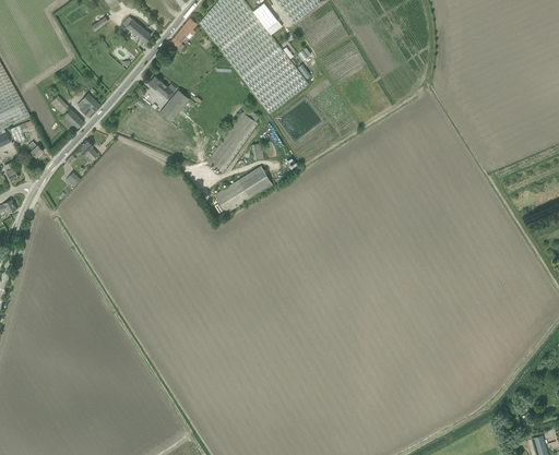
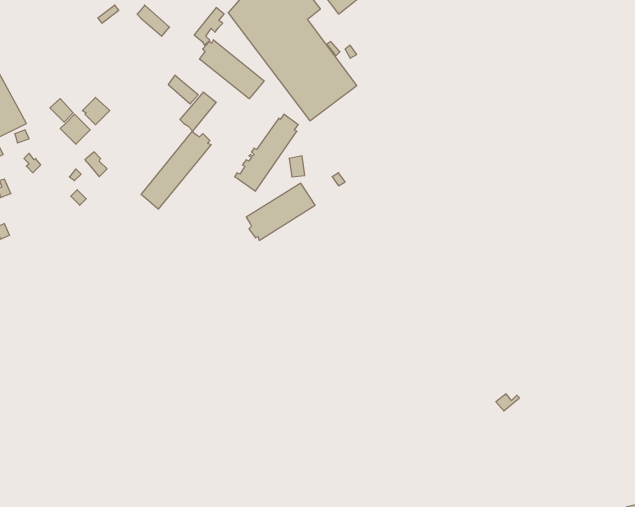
building: none -> [199,40,264,99]
building: none -> [141,131,211,209]

